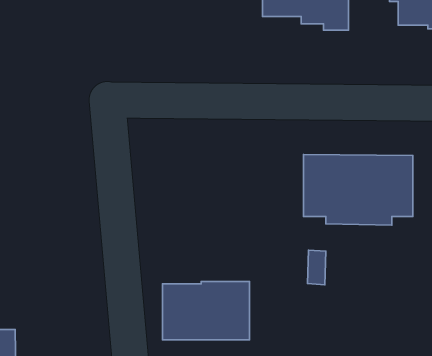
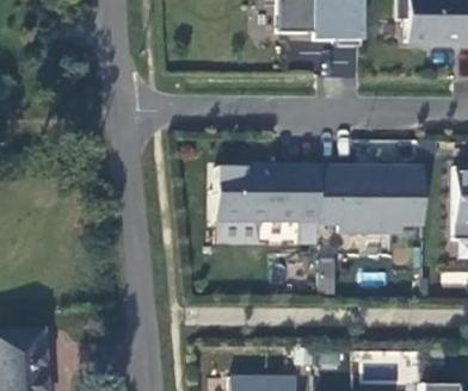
building: [163,281,250,340] -> [217,165,301,221]

